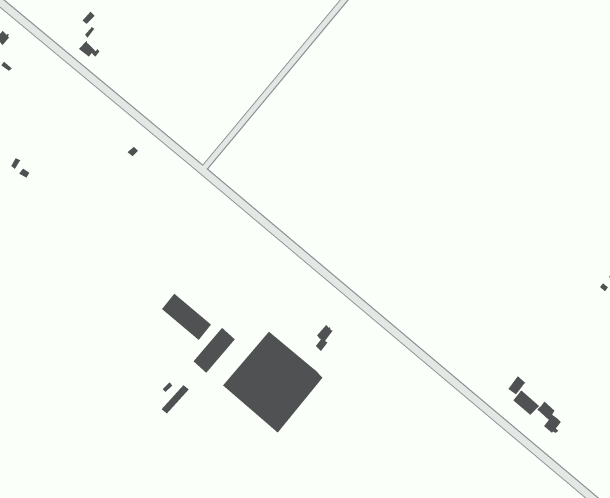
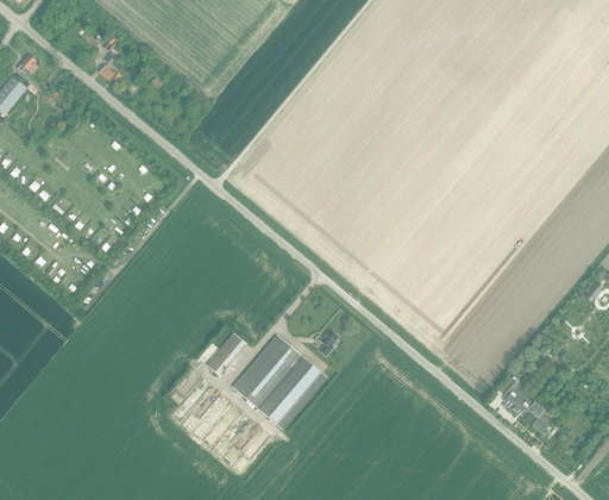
building: [161,292,212,341] -> none

